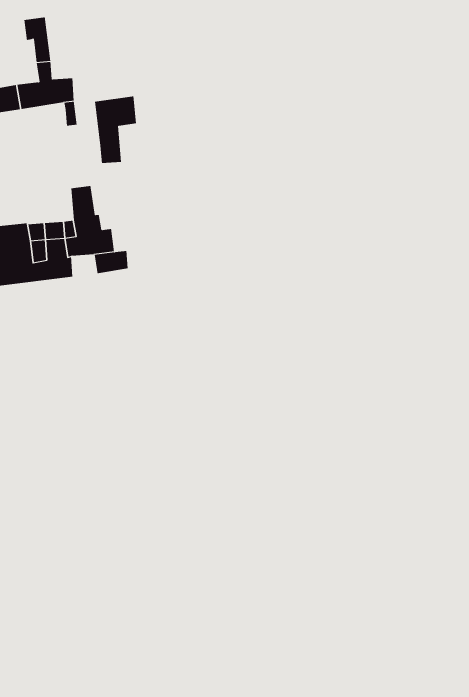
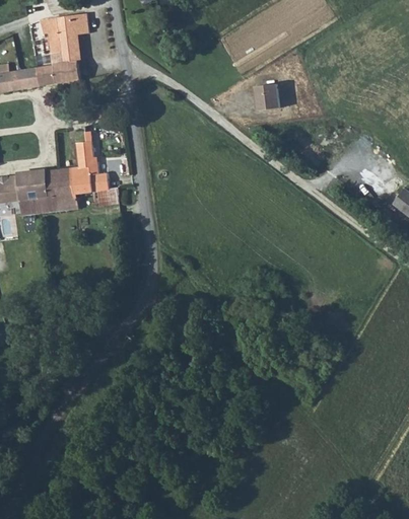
building: [94,96,137,164] -> [58,13,89,63]
building: none -> [255,84,278,109]

